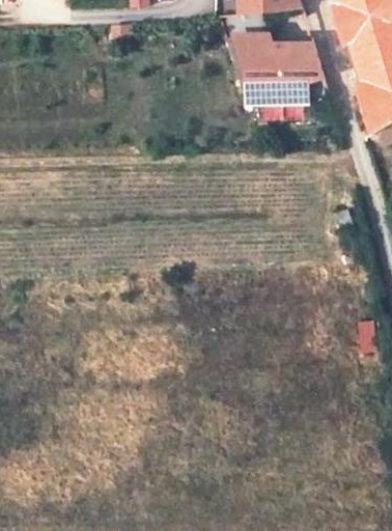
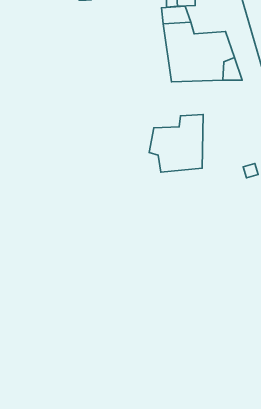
building: none -> [149,114,203,172]

